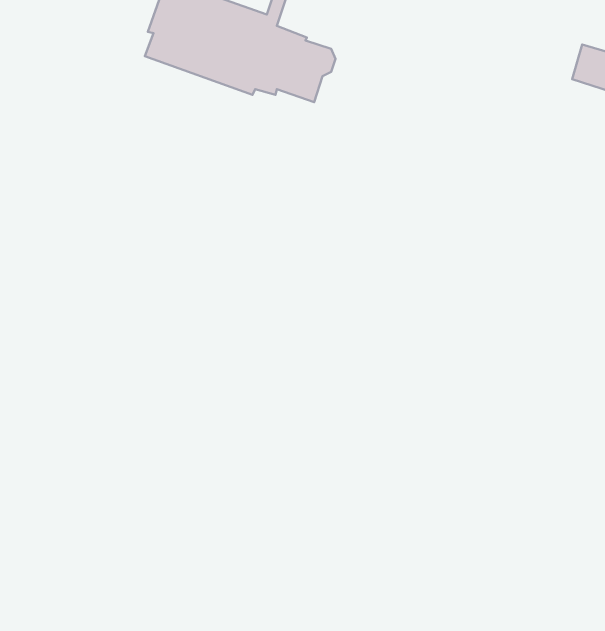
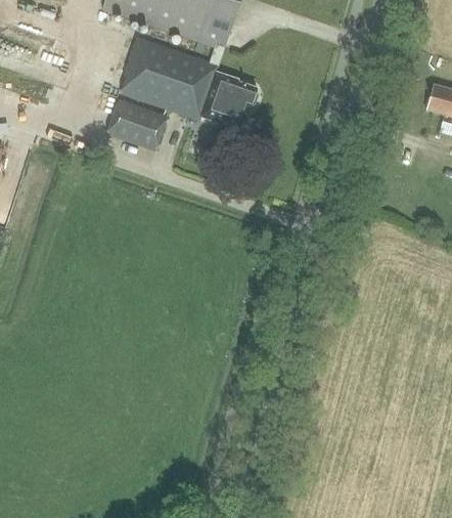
building: none -> [105,96,167,148]

